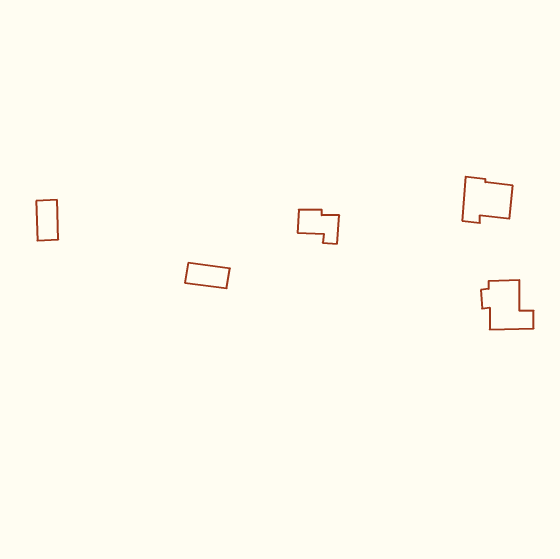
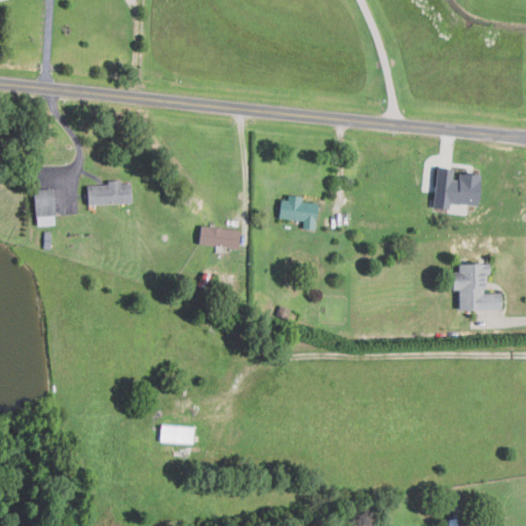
building: none -> [87,181,133,205]
building: [185,263,230,288] -> [199,226,241,250]
building: none -> [160,425,193,443]

